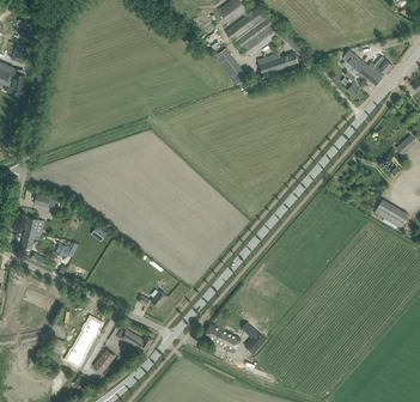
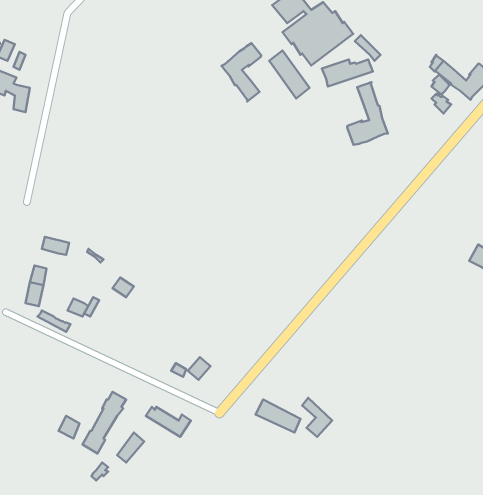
building: none -> [221,43,261,102]
building: none -> [347,82,388,145]

